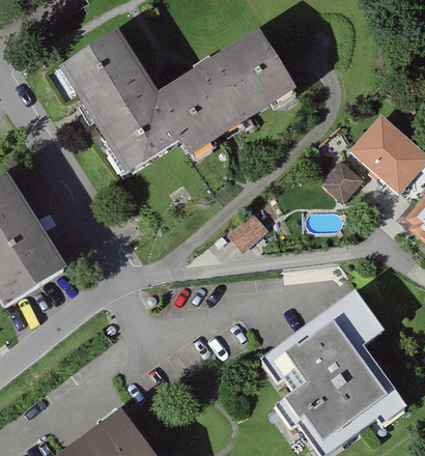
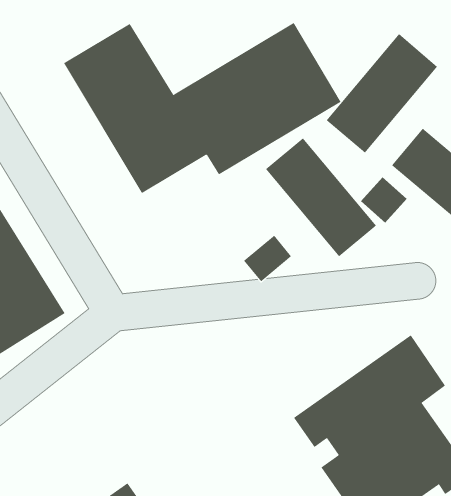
building: none -> [326,33,438,154]
building: none -> [265,138,377,257]

